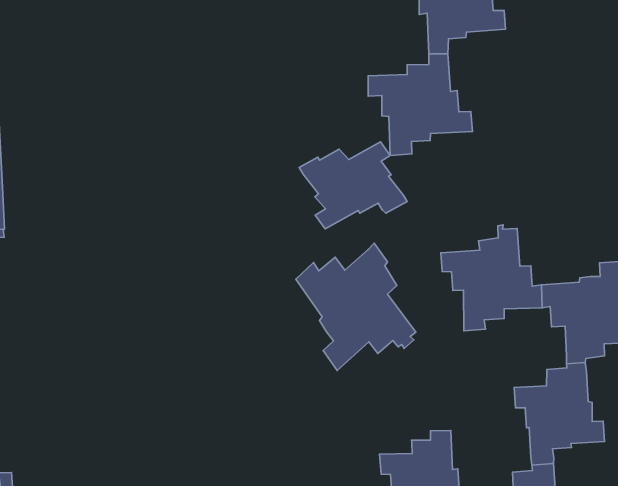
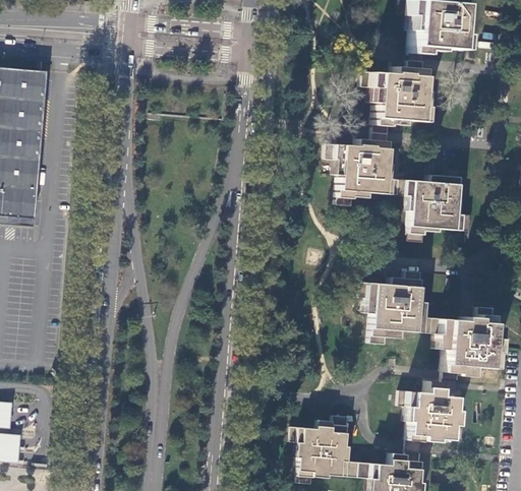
building: none -> [397,170,471,242]
building: [299,142,407,229] -> none
building: [296,243,416,371] -> none

